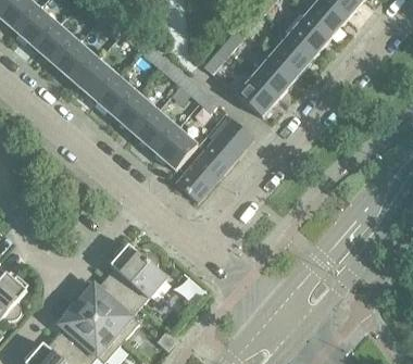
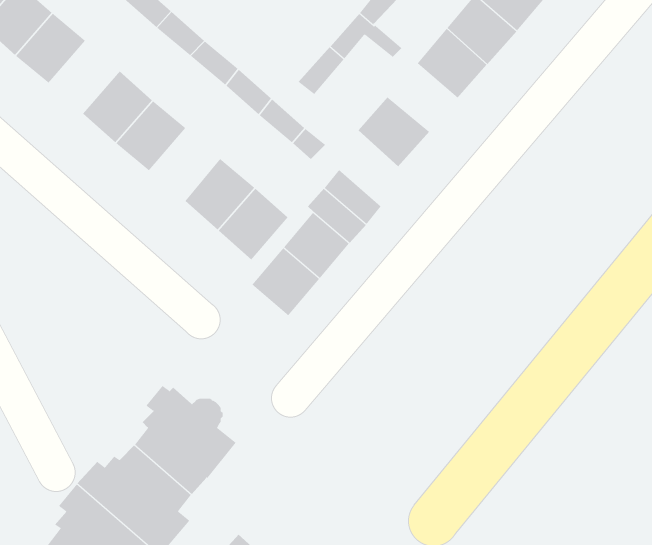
building: [57,41,98,84] -> none
building: [254,54,296,95] -> none
building: [115,92,157,135] -> none

